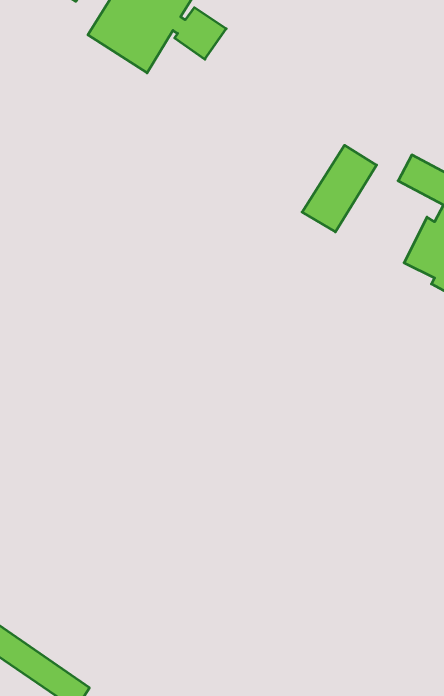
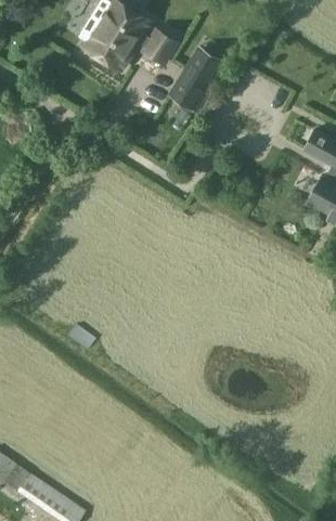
building: [302,145,377,232] -> [169,49,222,110]

